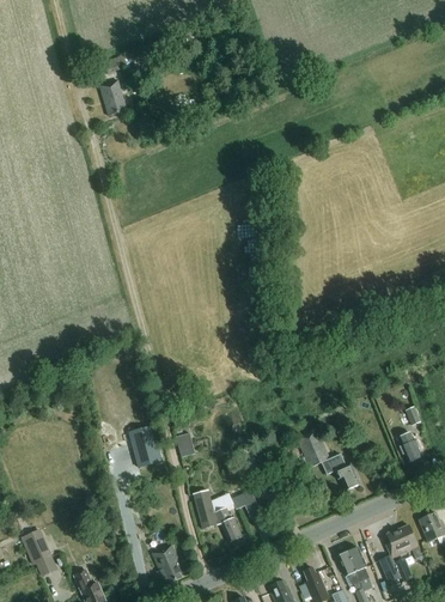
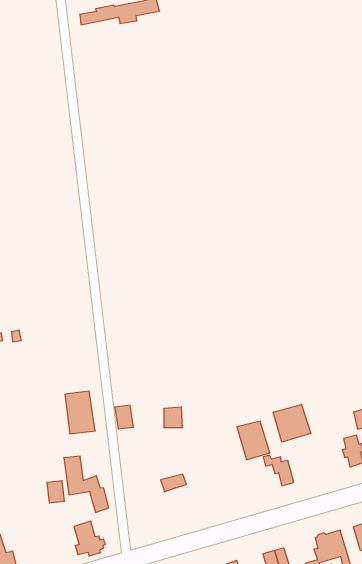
building: [99,79,126,115] -> none
building: none -> [273,404,311,442]
building: [193,491,242,542] -> [64,456,109,512]

